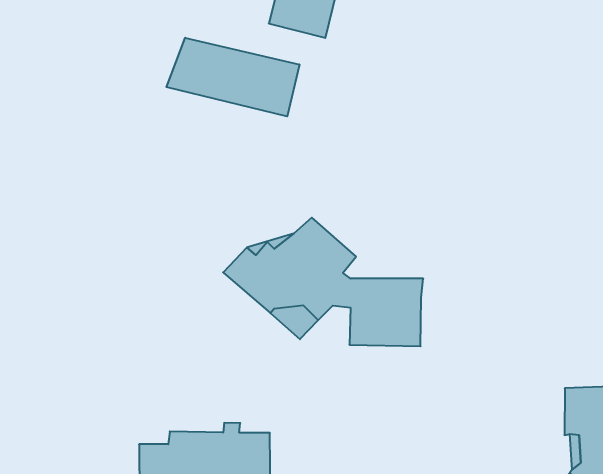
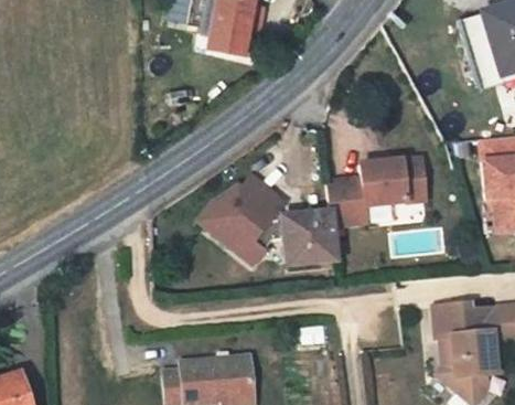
building: [166,38,299,116] -> none
building: none -> [329,160,430,228]

